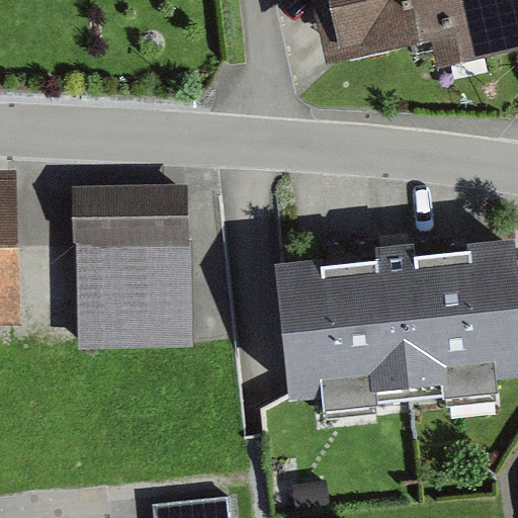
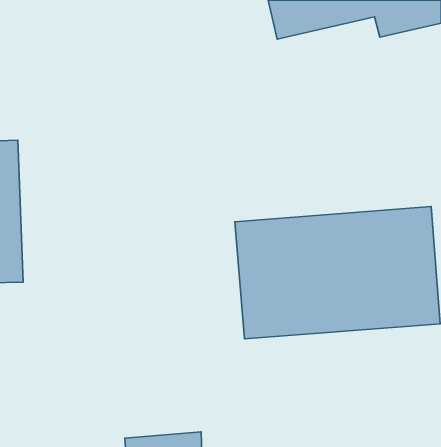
building: [80,190,190,354] -> none

